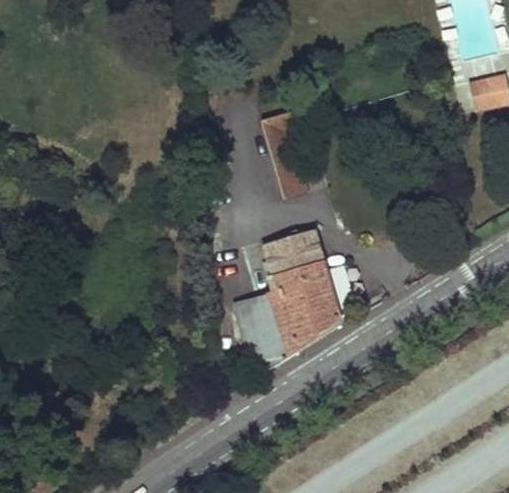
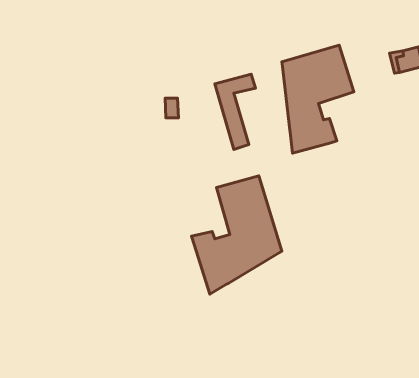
building: none -> [282,45,354,153]

